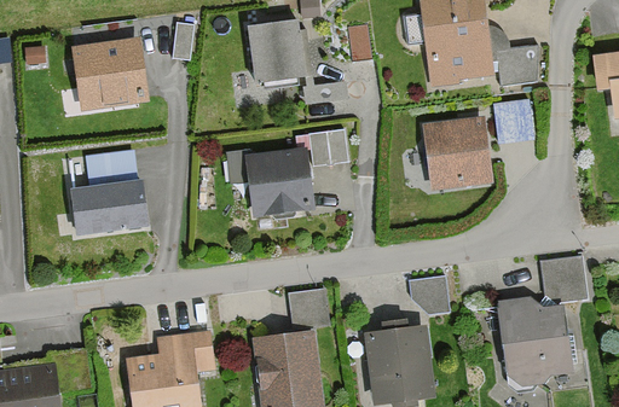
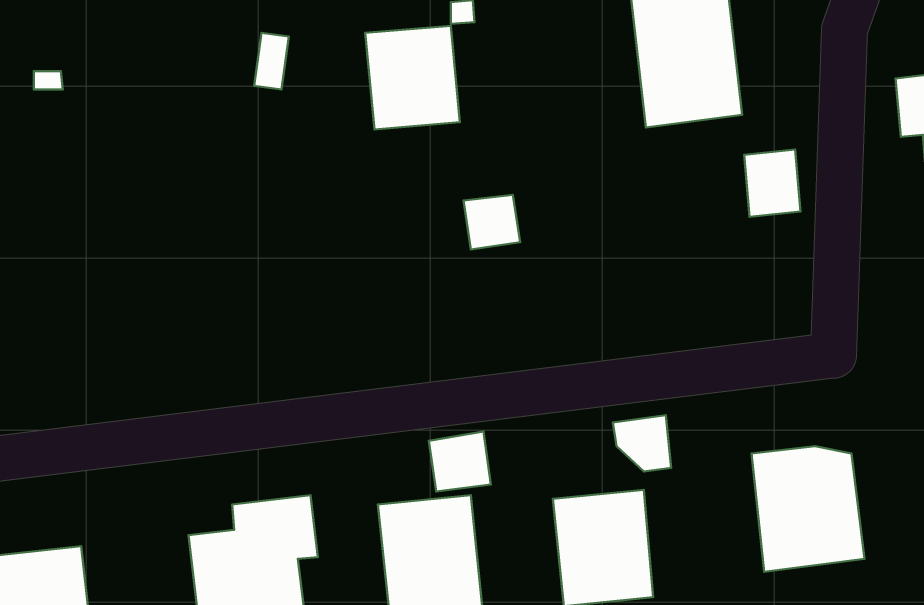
building: [498,33,540,83] -> none
building: [73,37,149,110] -> none
building: [424,117,494,192] -> none
building: [227,149,317,217] -> none
building: [74,151,150,233] -> none
building: [539,256,586,302] -> none

